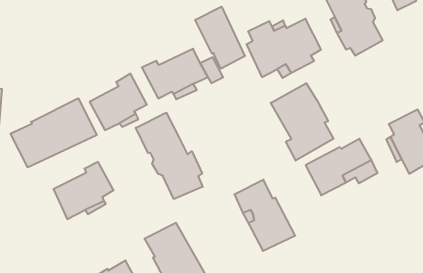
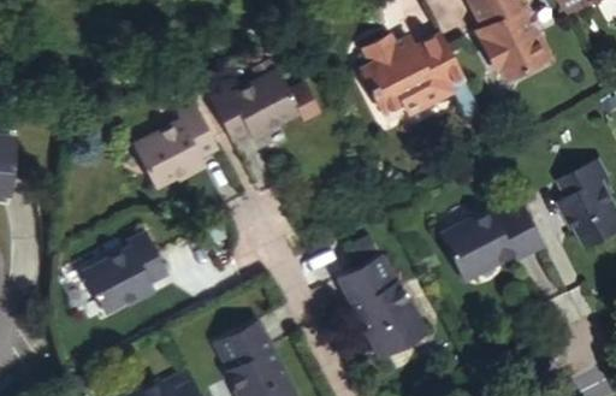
building: [195,7,245,69] -> none
building: [271,83,334,161] -> none
building: [10,98,97,167] -> none
building: [136,113,203,199] -> none

